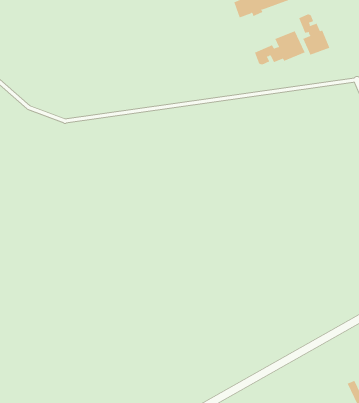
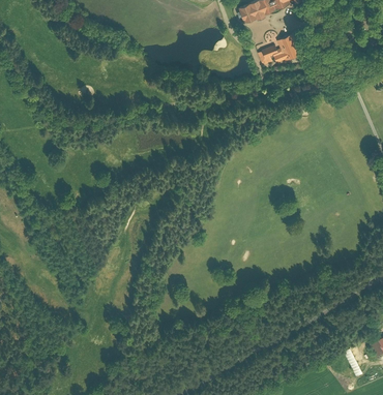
building: [298,14,330,55] -> none

